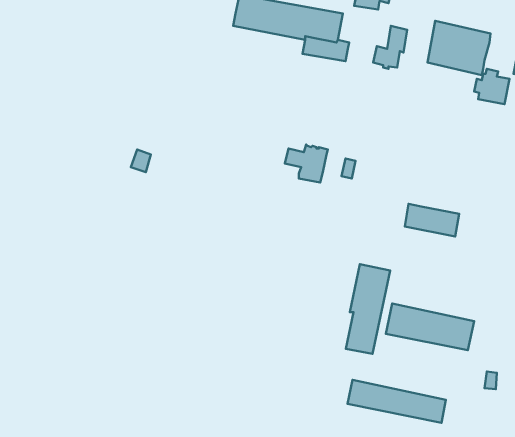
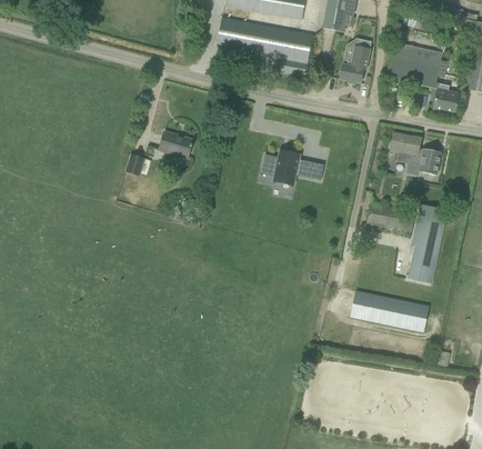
building: none -> [391,130,441,174]
building: none -> [160,131,192,158]
building: [346,264,390,354] -> [409,203,448,282]
building: [348,380,446,423] -> none

